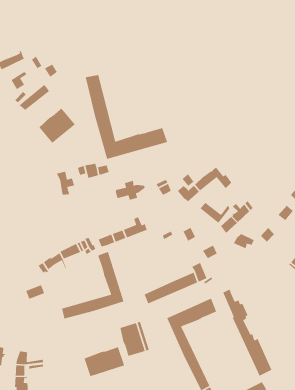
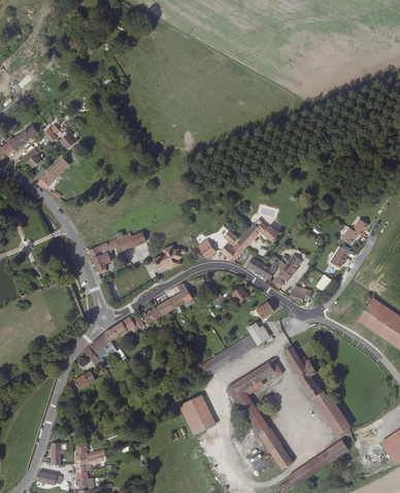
building: [85,74,168,160] -> none
building: [39,108,76,144] -> none
building: [61,251,125,319] -> none
building: [84,346,125,377] -> none

